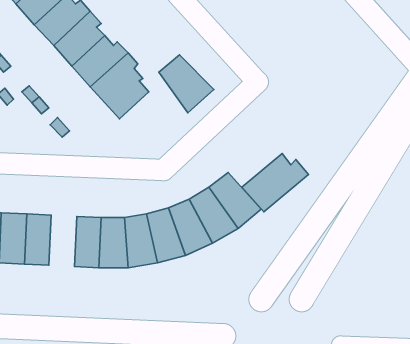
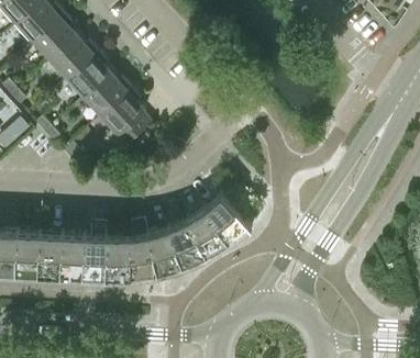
building: [159,55,214,113] -> none
building: [242,153,309,212] -> none
building: none -> [59,231,85,277]

